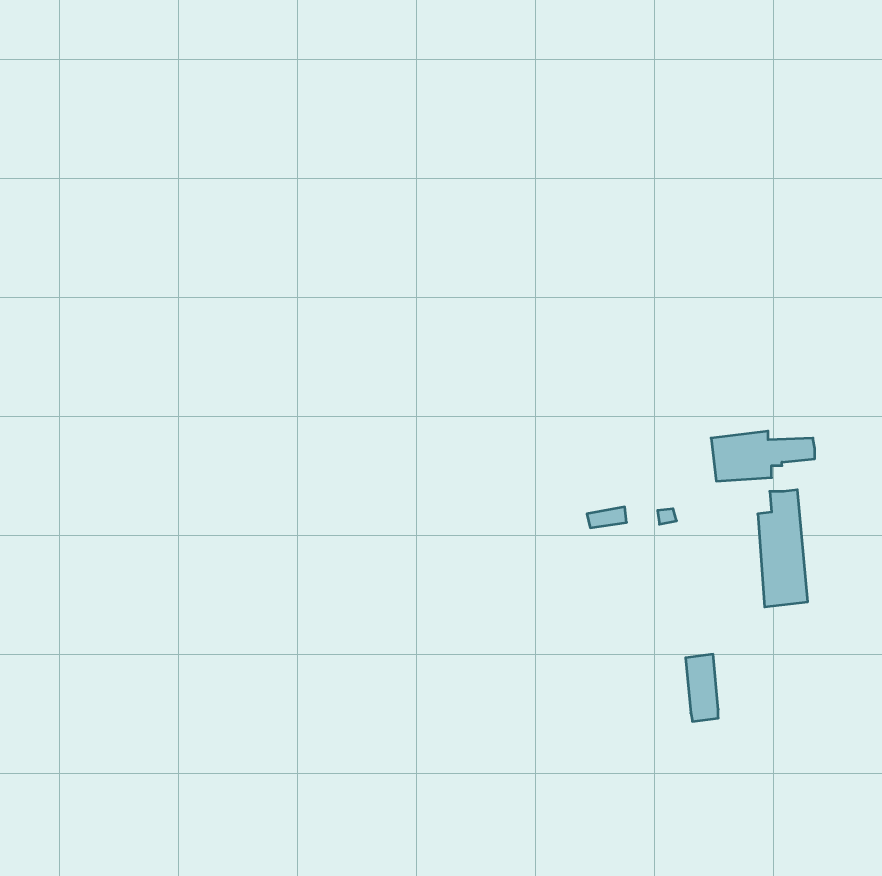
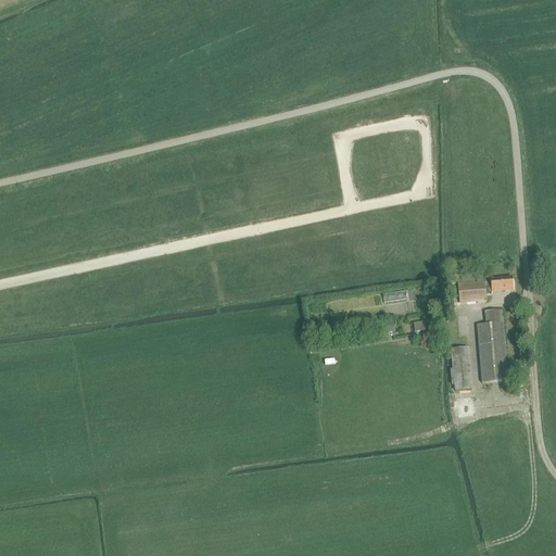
building: [686,654,718,721] -> [451,346,471,389]

